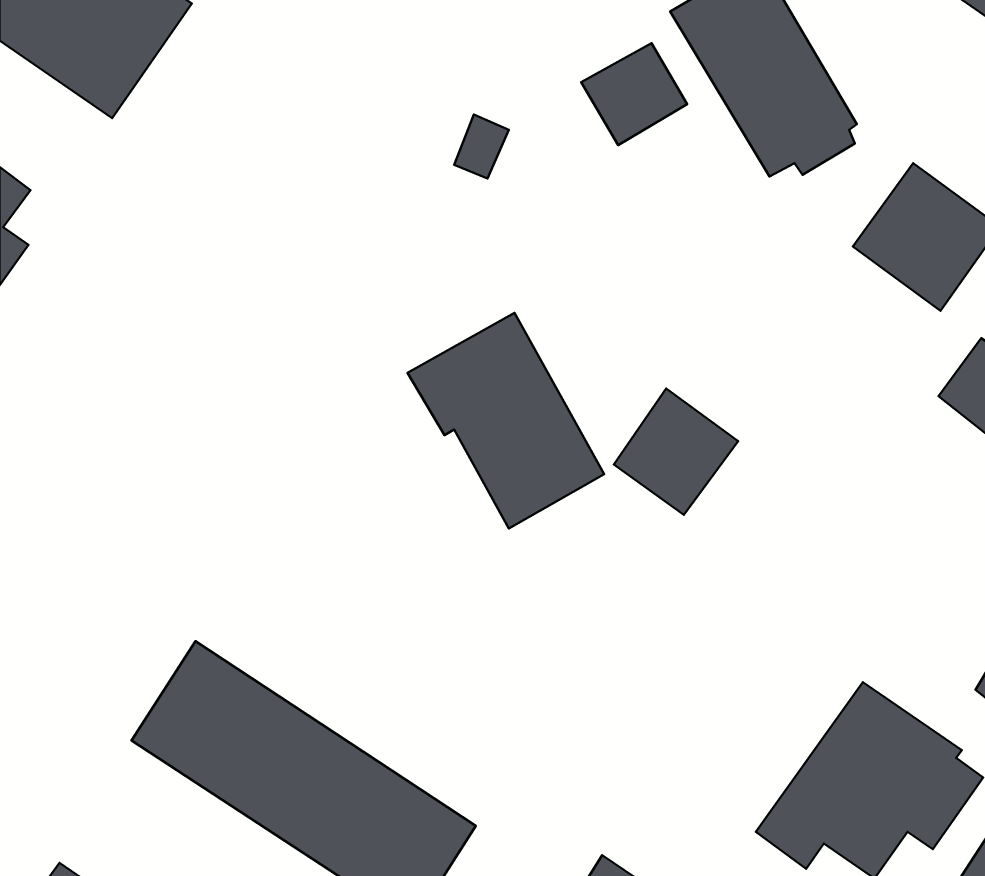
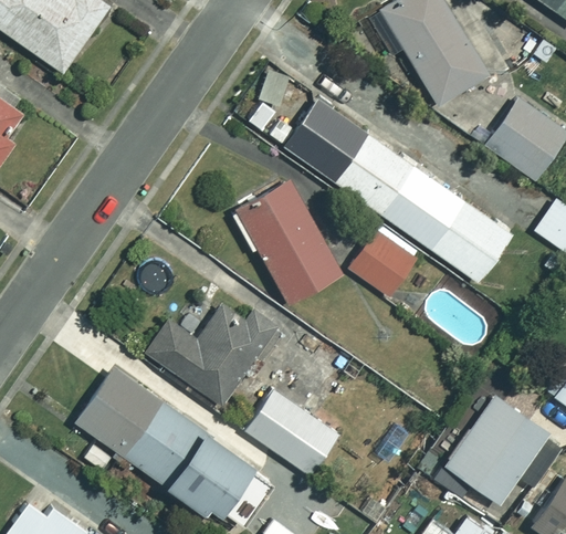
building: [581,43,687,145] -> none
building: none -> [269,98,513,283]
building: none -> [147,299,271,404]
building: none -> [245,390,339,475]

